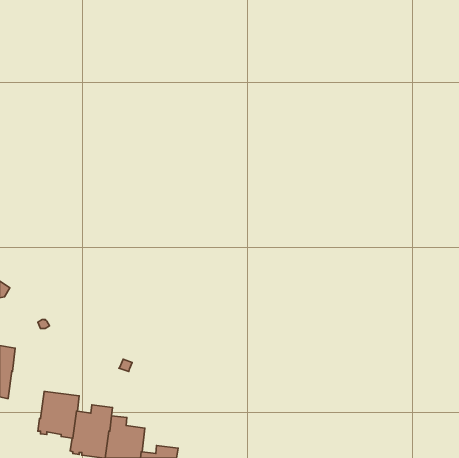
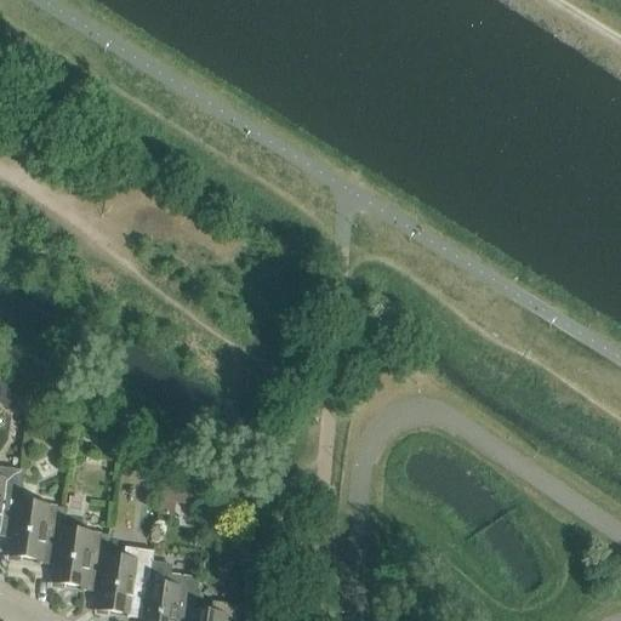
building: none -> [7,500,63,564]

